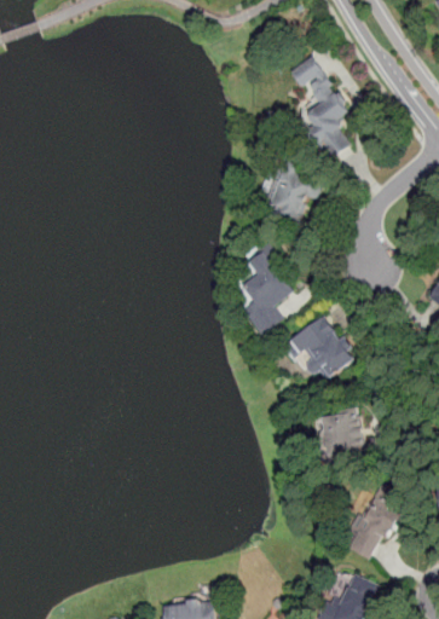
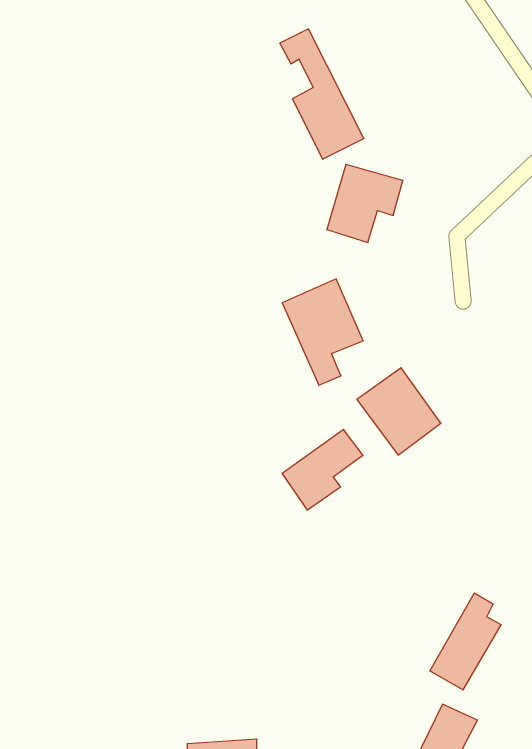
building: [291,60,356,160] -> [280,29,364,159]
building: none -> [282,429,363,510]
building: [324,415,358,453] -> none

